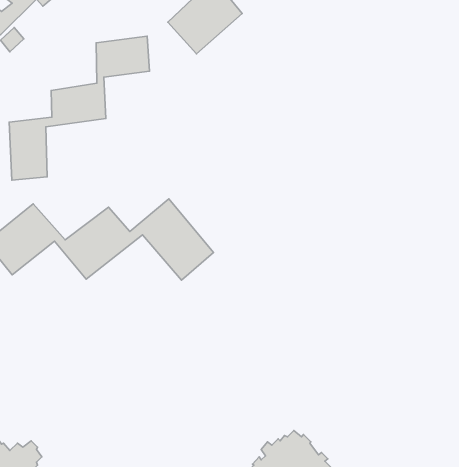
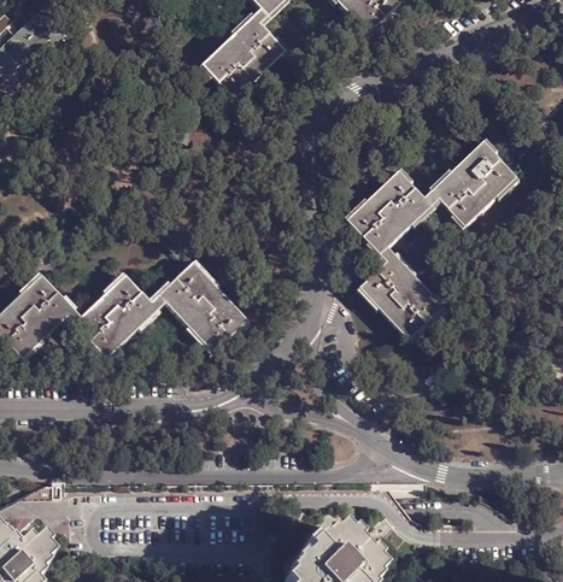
building: [9,36,149,180] -> none
building: none -> [347,145,521,340]

